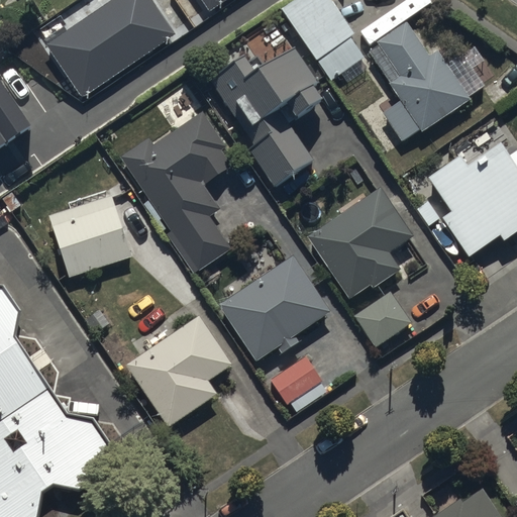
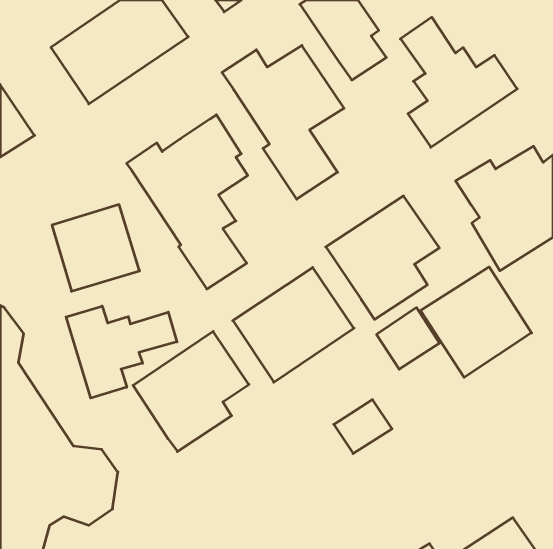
building: none -> [421,267,532,377]
building: none -> [66,306,177,398]
building: [268,356,322,407] -> [334,400,392,454]

